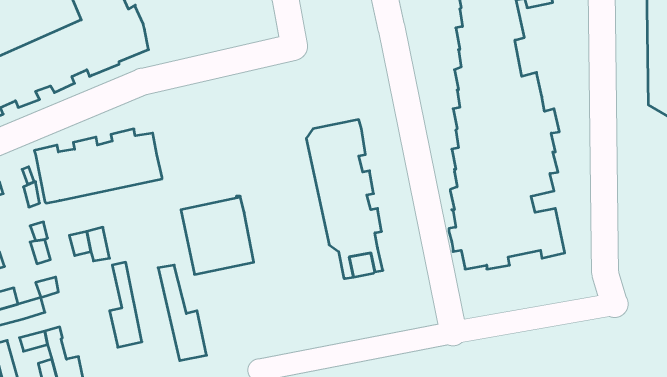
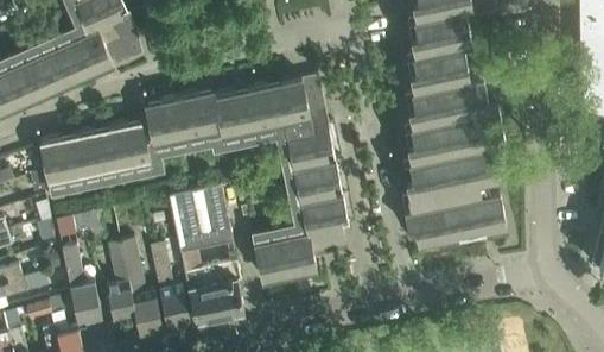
building: none -> [146,76,325,168]
building: none -> [253,226,317,281]
building: none -> [120,238,164,335]
building: none -> [62,245,102,325]
building: none -> [180,250,244,322]

